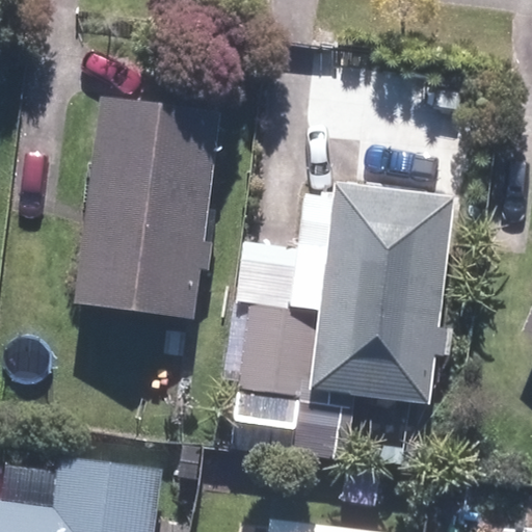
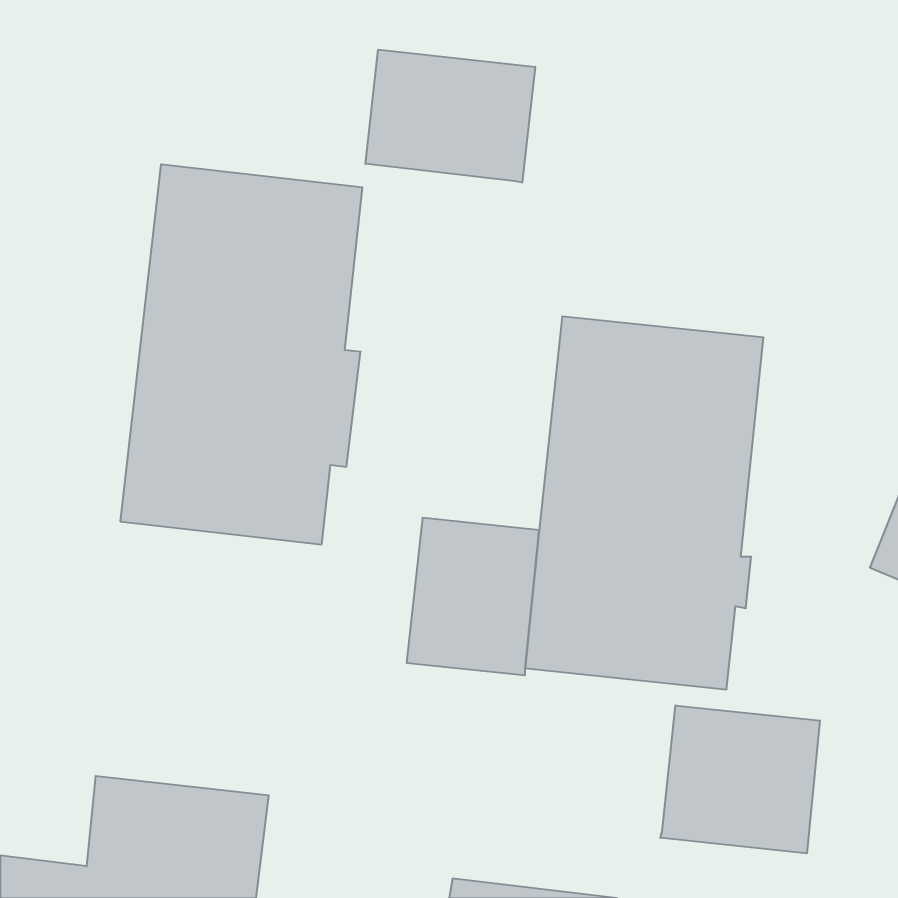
building: none -> [365,50,535,183]
building: none -> [660,705,820,853]

